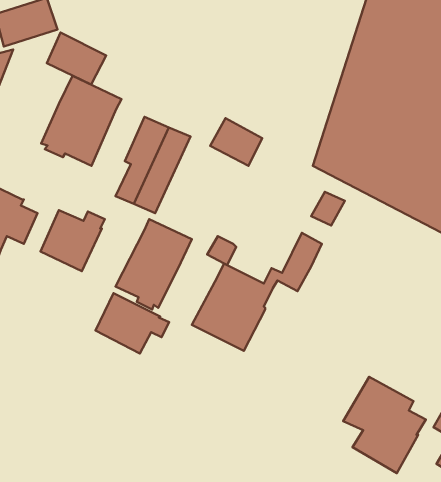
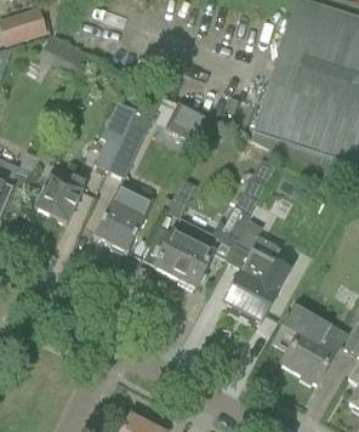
building: [41,76,121,166] -> none
building: none -> [223,220,287,322]
building: [95,293,169,354] -> none

